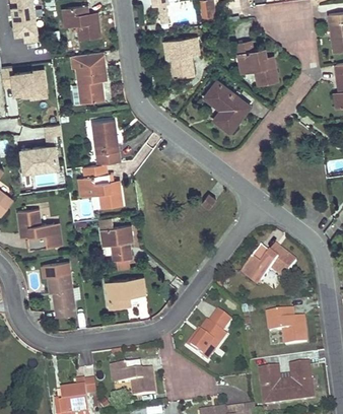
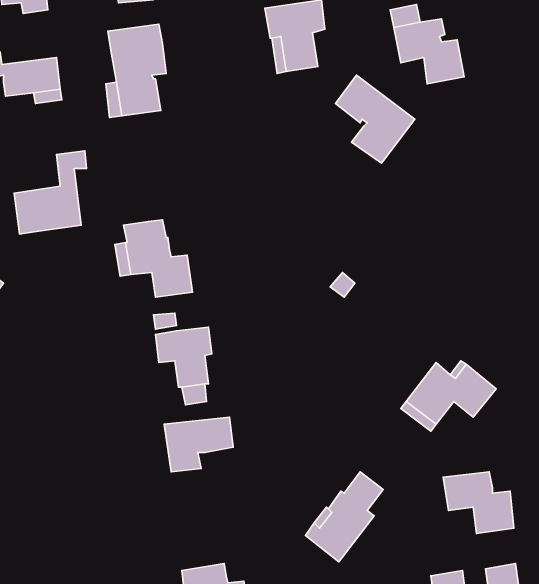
building: [91,120,120,164] -> none
building: [17,209,56,249] -> none
building: [42,261,76,317] -> none

